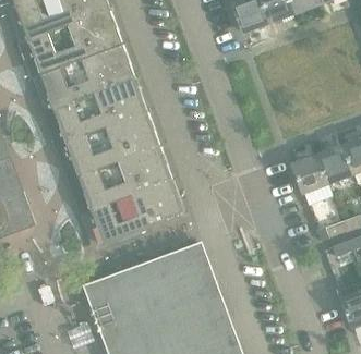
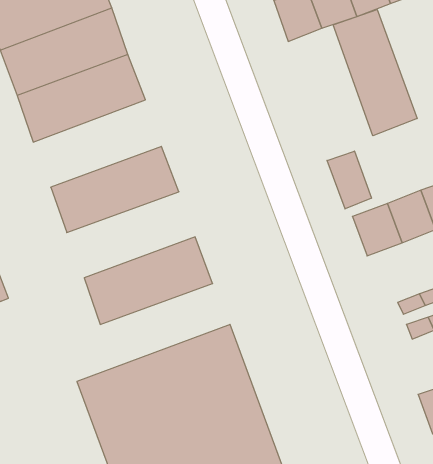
building: none -> [333,10,417,136]
building: [52,76,148,142] -> none
building: none -> [327,151,371,209]
building: [77,145,173,209] -> none

